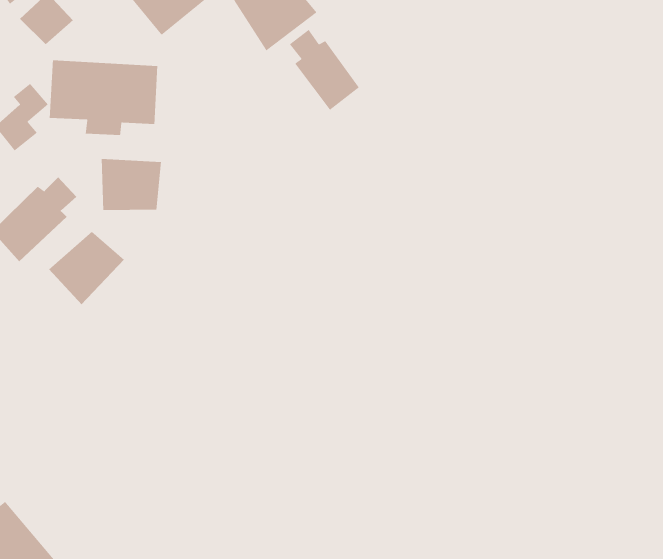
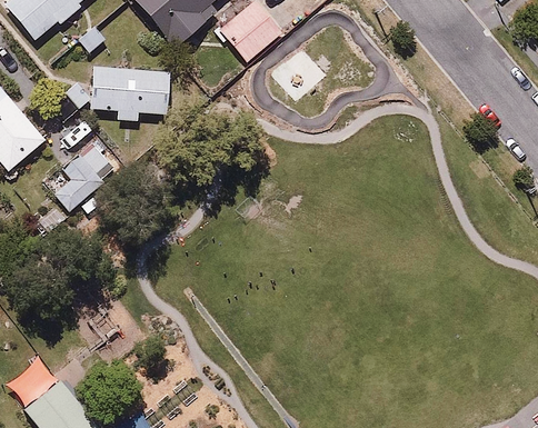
building: [289,29,360,111] -> none
building: [101,158,162,211] -> none
building: [48,231,125,305] -> none

